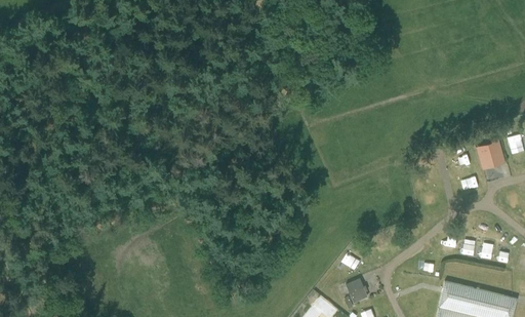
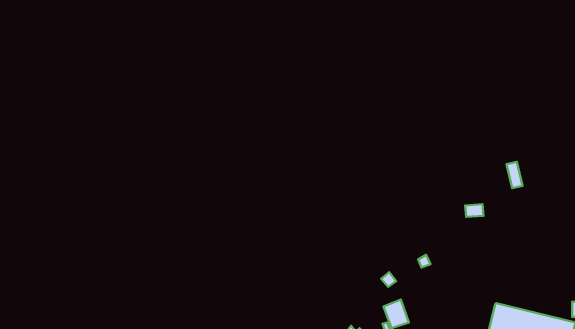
building: [477,137,501,163] -> none

